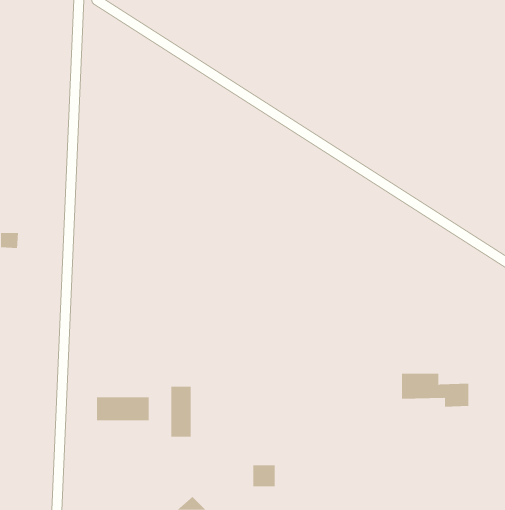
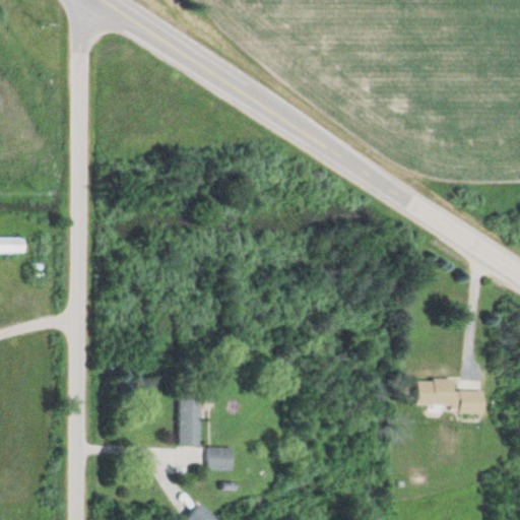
building: [96,396,149,421] -> none
building: [253,465,276,487] -> [208,448,232,470]

